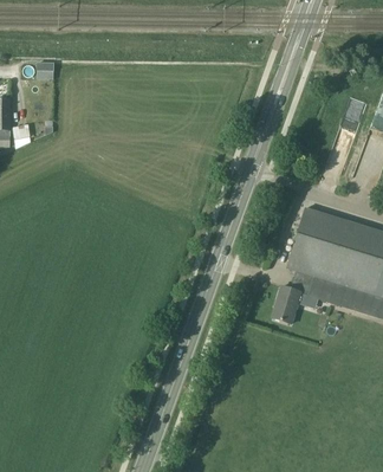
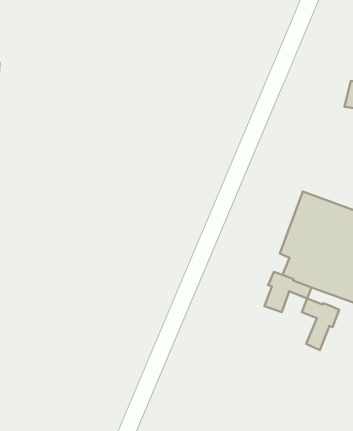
building: none -> [302,298,339,350]

